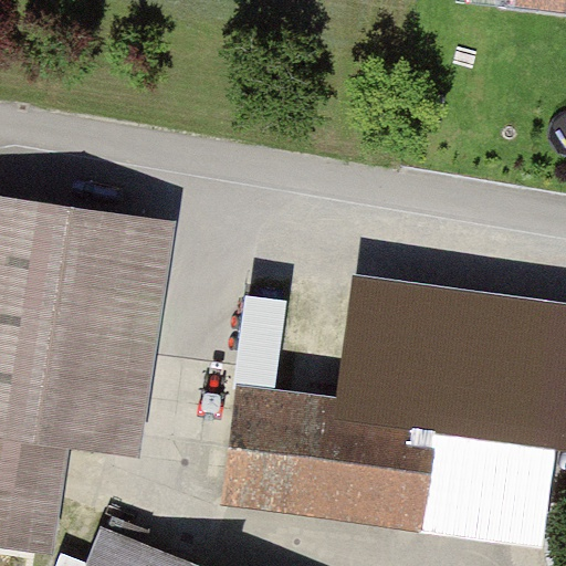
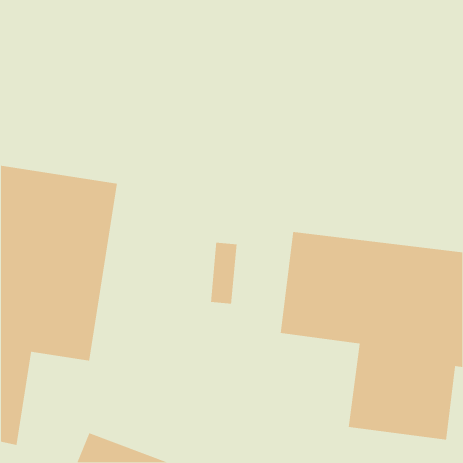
building: [224,394,438,522] -> none

